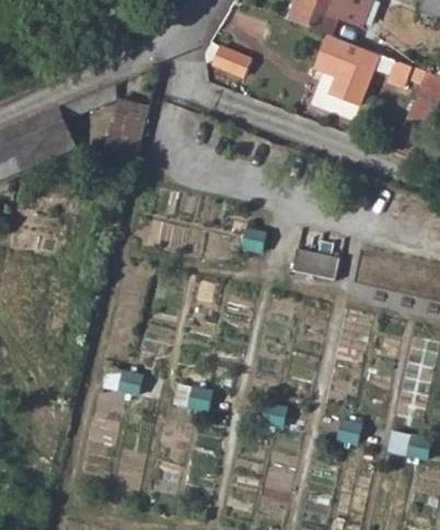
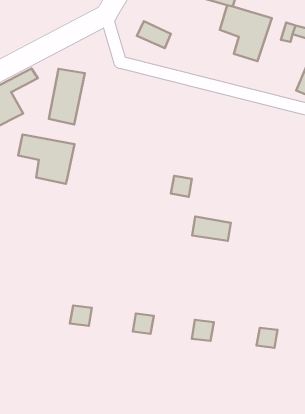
building: none -> [18,134,74,184]
building: [285,250,332,282] -> [192,217,231,241]

